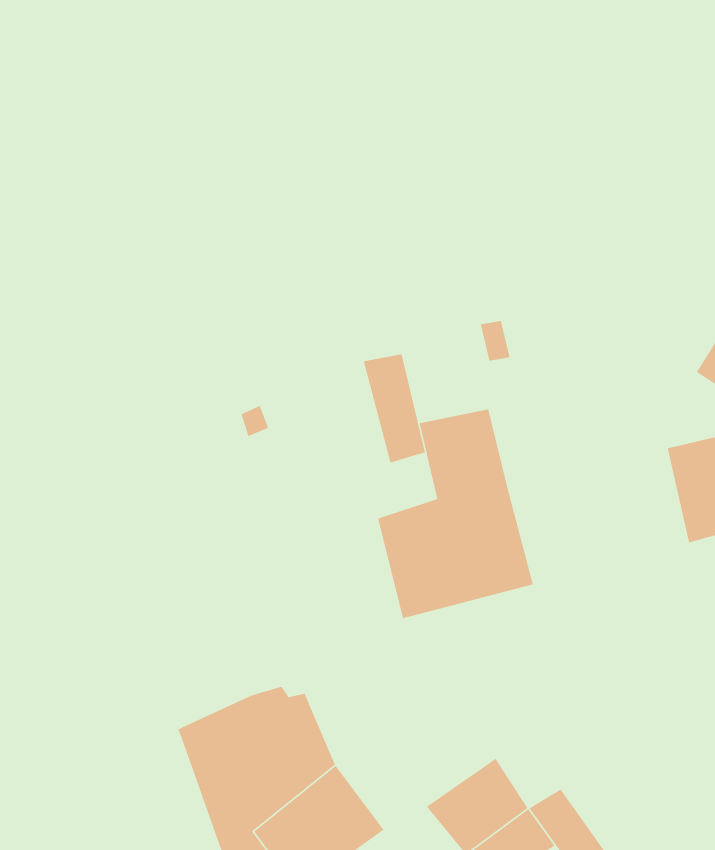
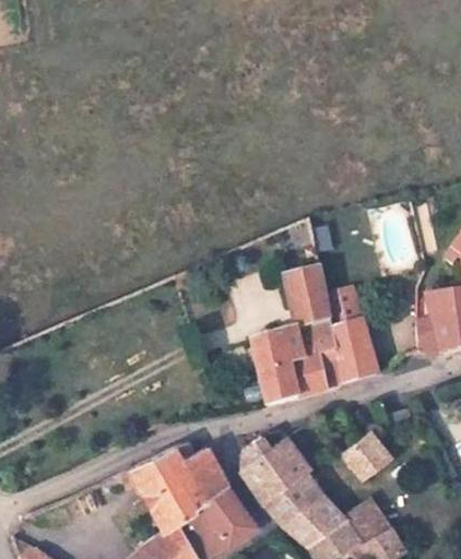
building: [363,354,426,463] -> [332,313,370,380]
building: none -> [236,435,326,514]
building: none -> [345,440,390,485]

